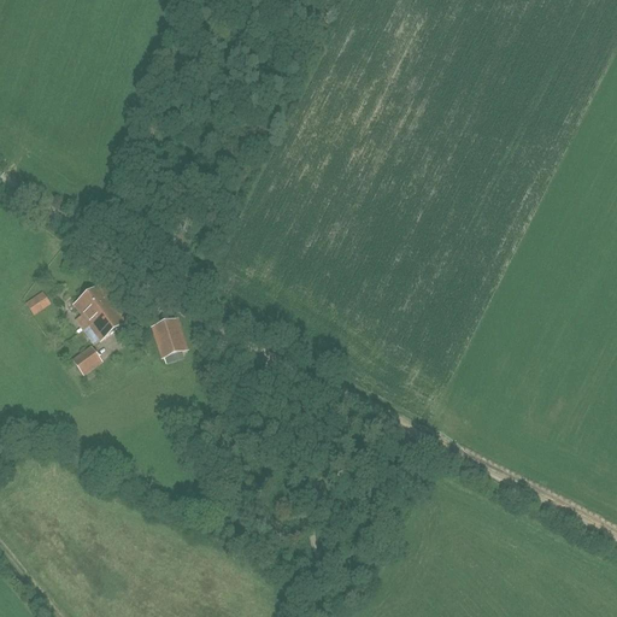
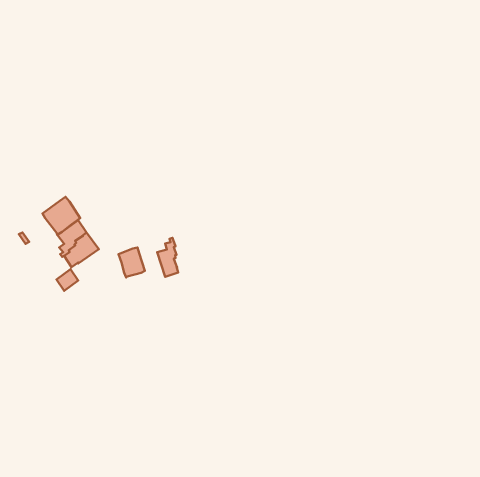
building: none -> [43,197,80,235]
building: none -> [157,238,178,277]

